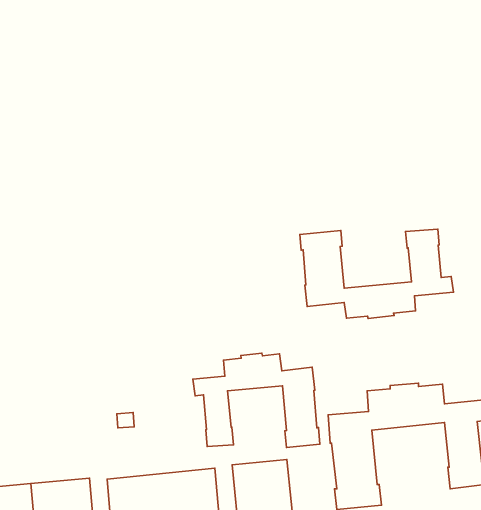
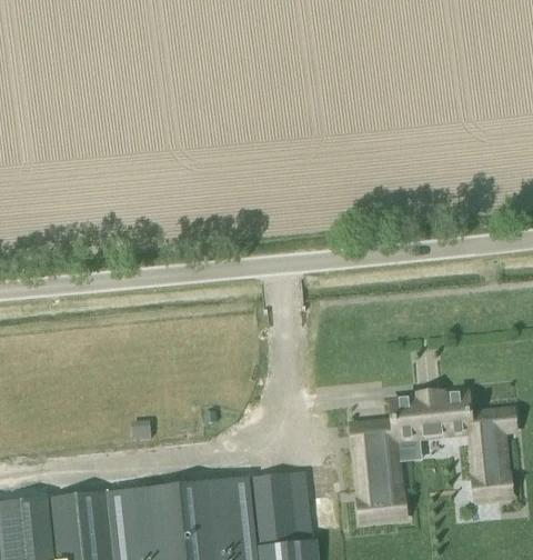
building: [300,229,453,318] -> none
building: [193,353,320,448] -> none

